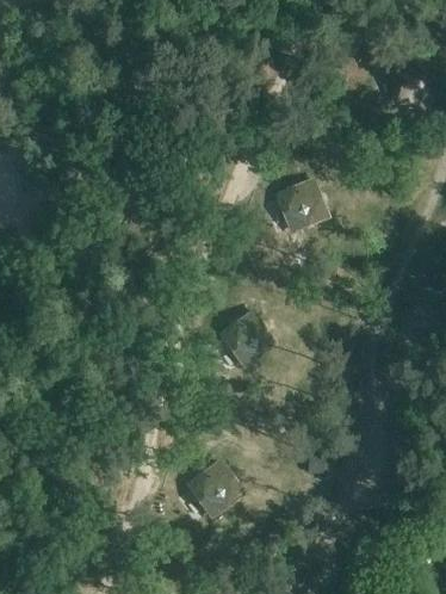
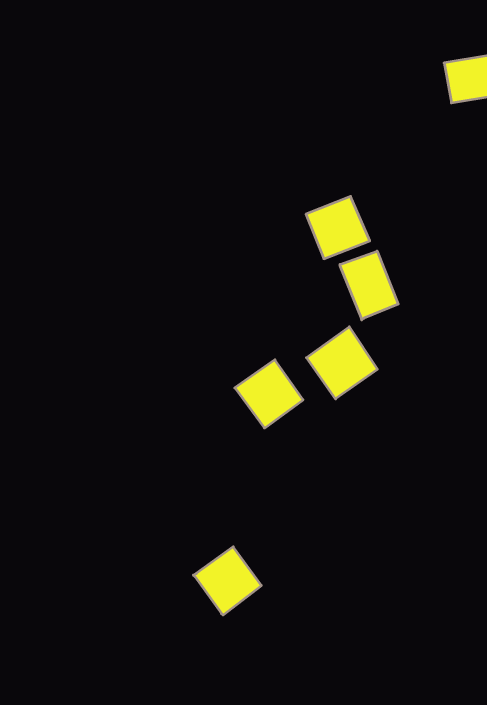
building: none -> [340,251,398,320]
building: none -> [306,327,377,399]

